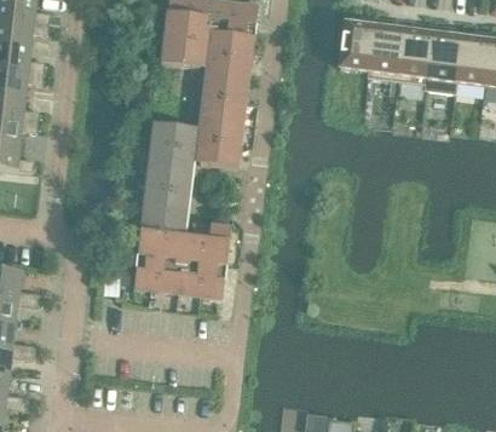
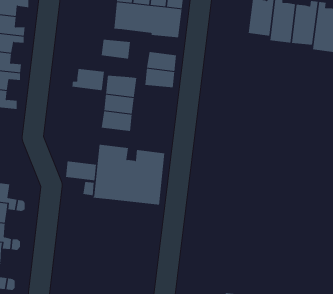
building: [207,69,247,96] -> [101,39,131,59]
building: none -> [72,68,106,91]
building: [198,136,240,166] -> none
building: [140,192,183,219] -> [65,161,97,181]

